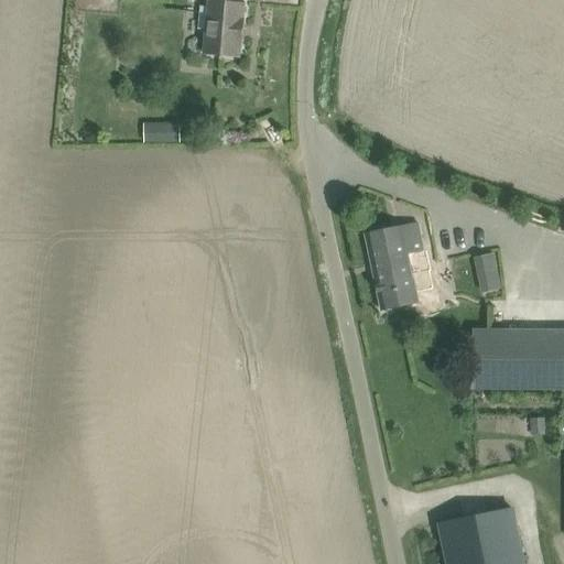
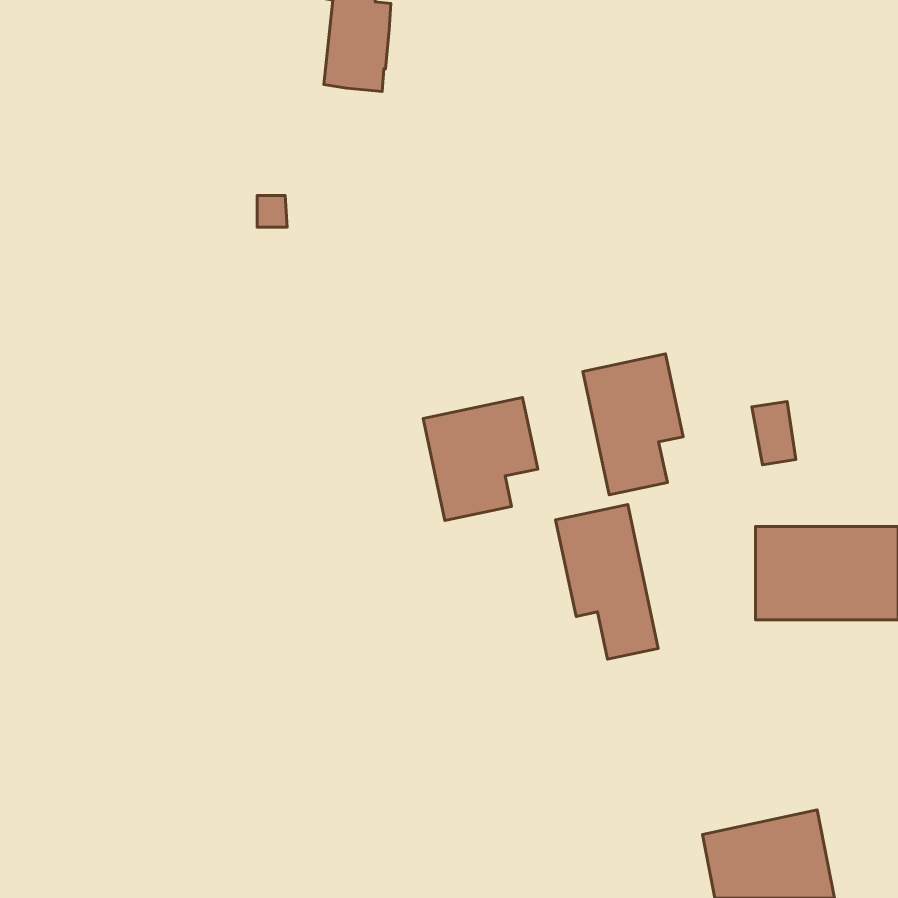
building: none -> [423,397,538,521]
building: none -> [556,505,658,659]

